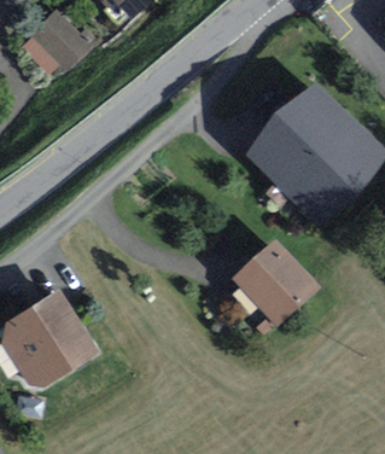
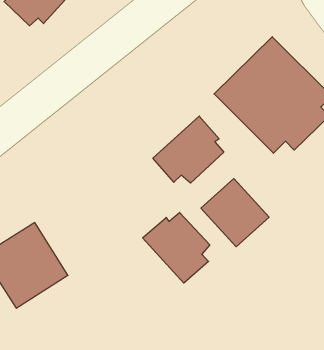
building: none -> [153,116,224,183]
building: none -> [143,212,210,283]

